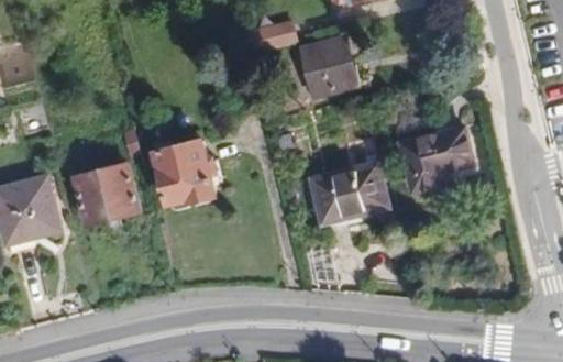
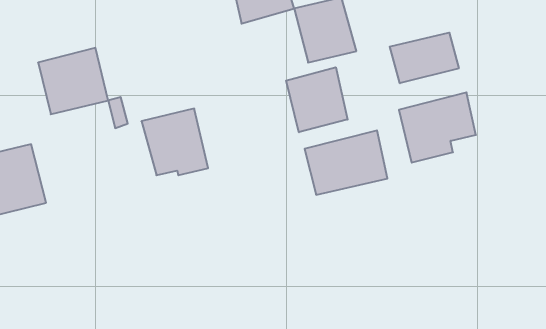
building: none -> [390,33,459,83]
building: none -> [286,67,348,132]
building: [73,161,140,224] -> [38,48,108,114]

